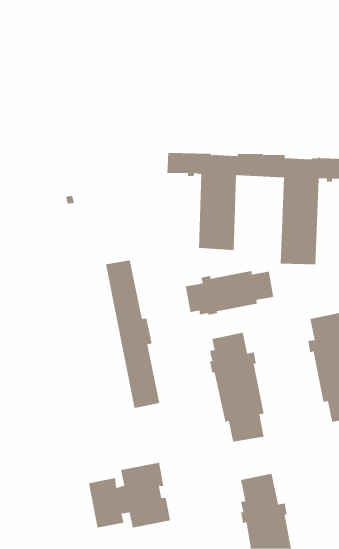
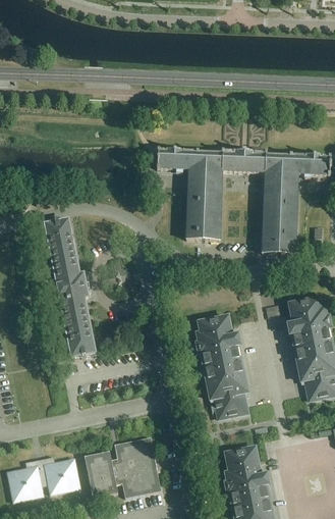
building: [105,260,160,409] -> [45,219,96,357]
building: [185,270,274,316] -> none
building: none -> [7,456,80,502]

